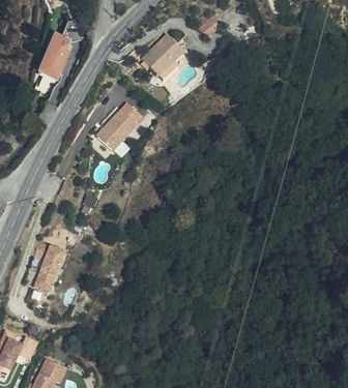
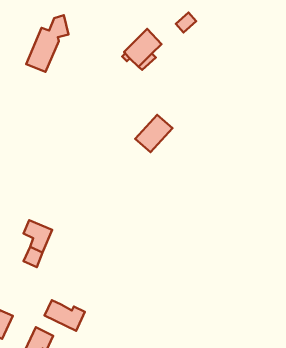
building: [97,108,138,148] -> [135,115,173,152]
building: none -> [44,300,85,331]

